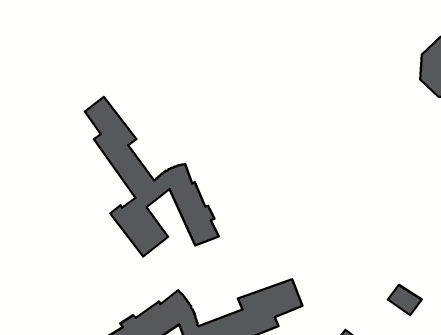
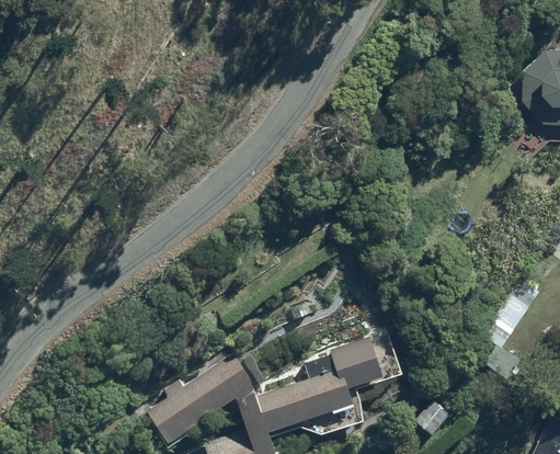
building: [85,97,219,256] -> none

